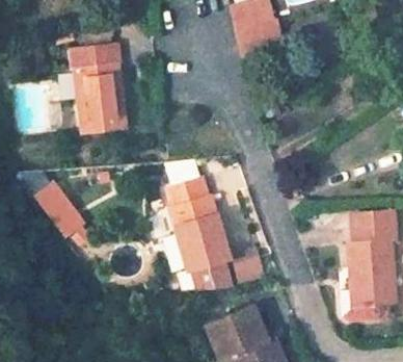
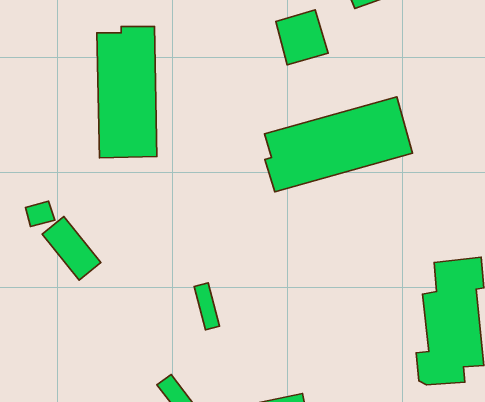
building: none -> [264,97,412,192]
building: [174,166,242,294] -> none

